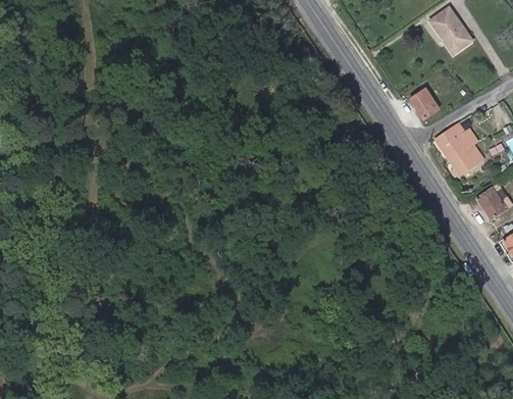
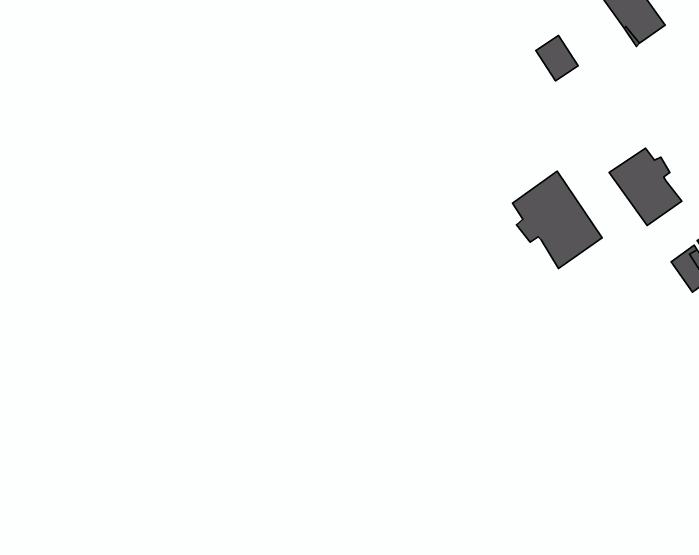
building: [410,89,439,119] -> [536,35,578,81]
building: none -> [513,171,602,268]

